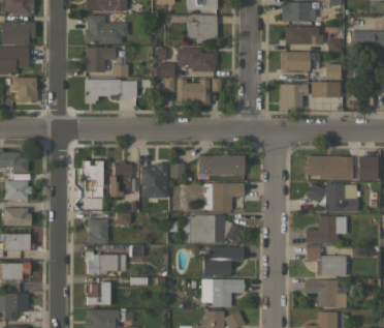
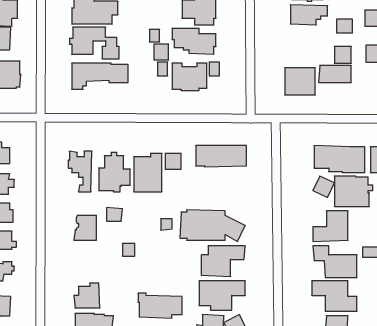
building: [281,52,319,72] -> none
building: [204,183,244,210] -> none
building: [86,251,126,274] -> [138,293,182,318]

